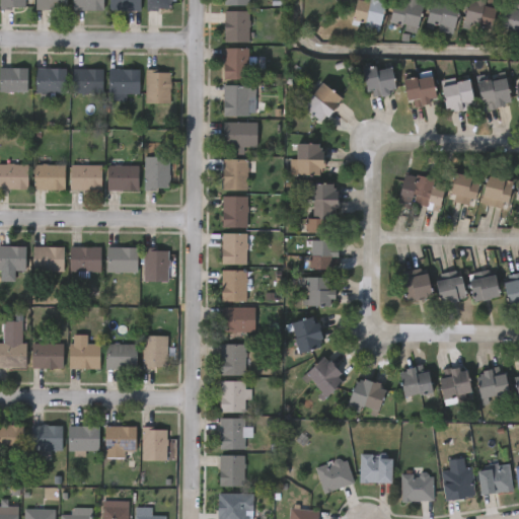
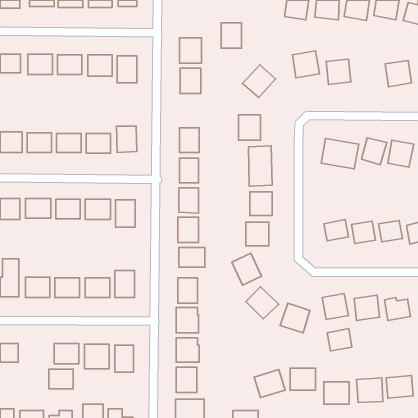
building: [224,10,249,42] -> [221,23,242,48]
building: [443,80,472,109] -> none
building: [224,123,256,148] -> none
building: none -> [327,328,352,351]
building: [31,426,62,450] -> [49,369,73,389]

